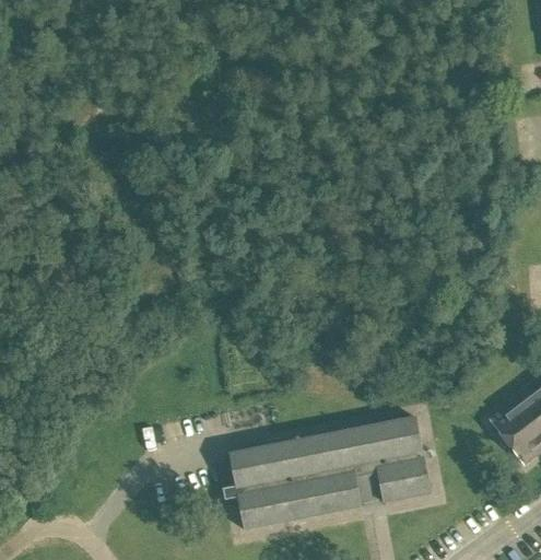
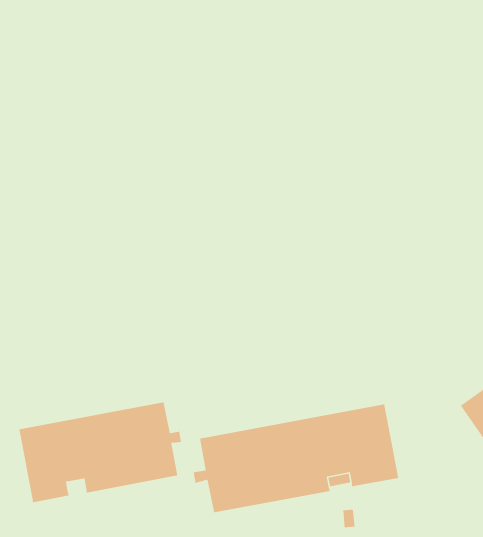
building: none -> [19,402,182,503]

